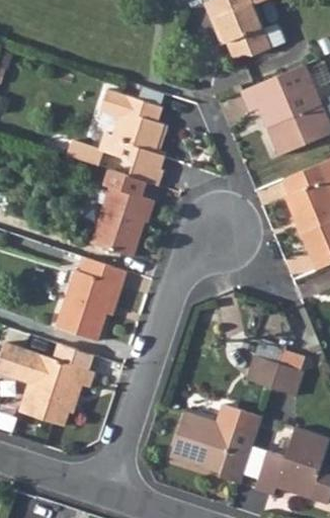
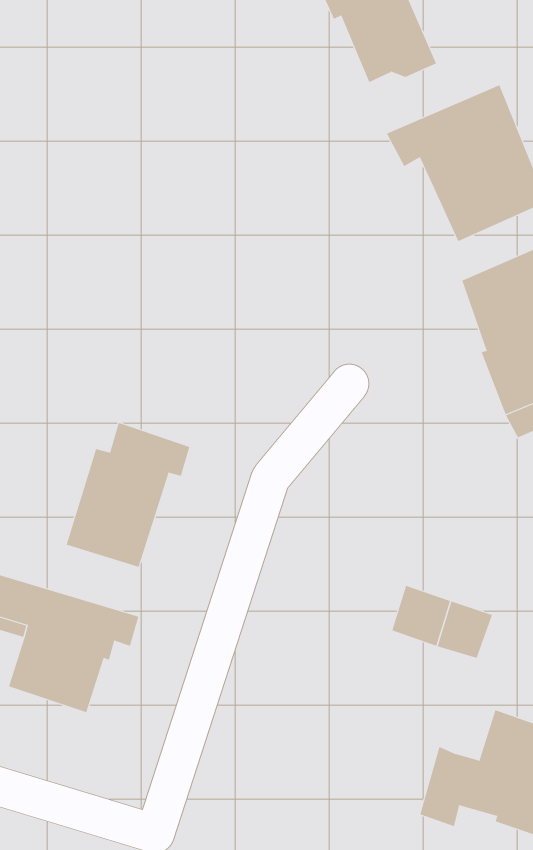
building: [94,92,162,172] -> none
building: [91,172,151,261] -> none
building: [172,401,261,482] -> none

